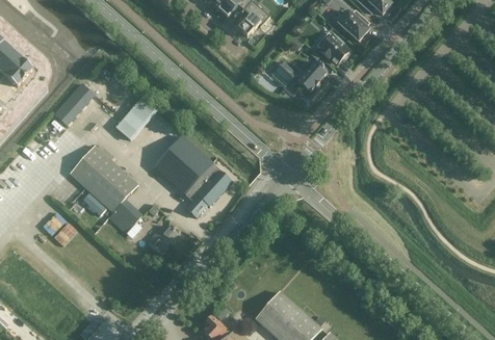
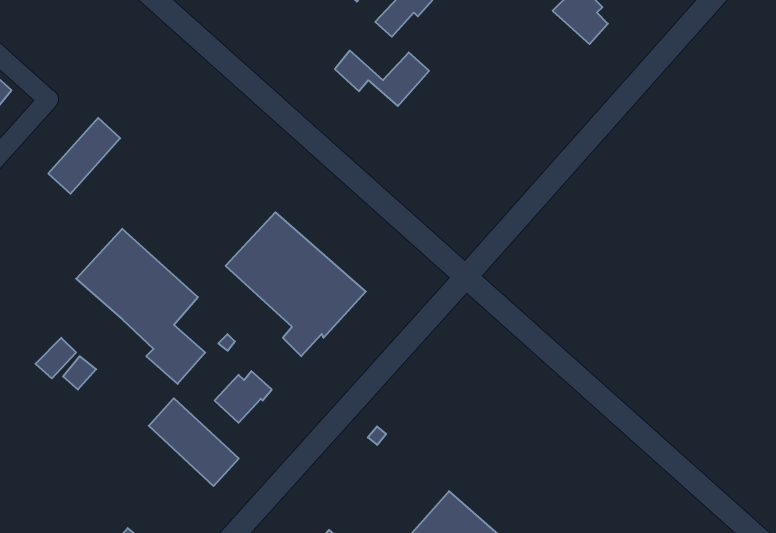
building: [315,30,349,60] -> none
building: [273,60,327,91] -> [335,51,429,106]
building: [115,95,155,138] -> none
building: none -> [149,398,239,486]

